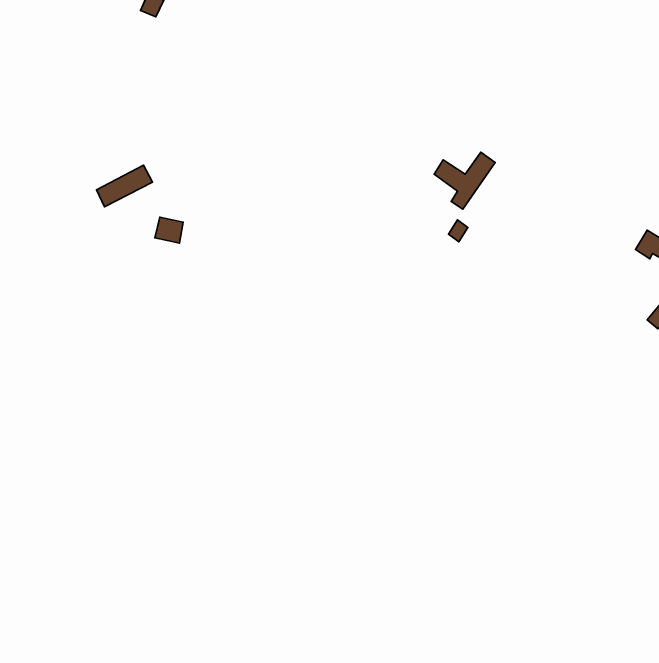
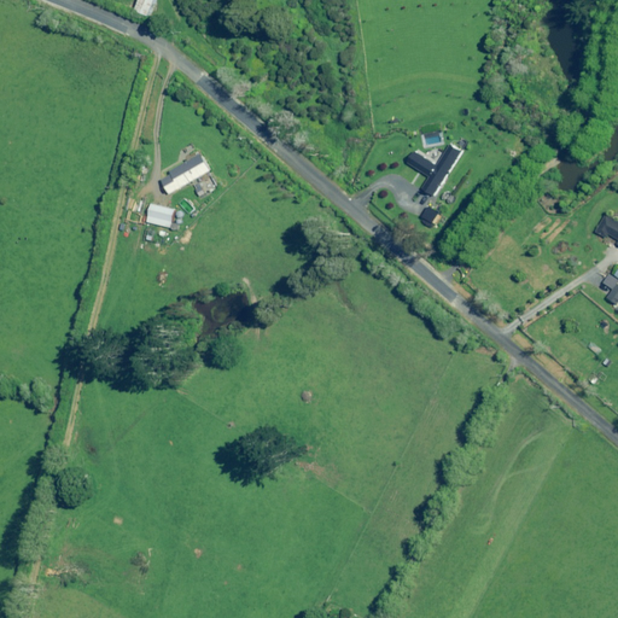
building: [97,165,153,207] -> [159,152,211,191]

